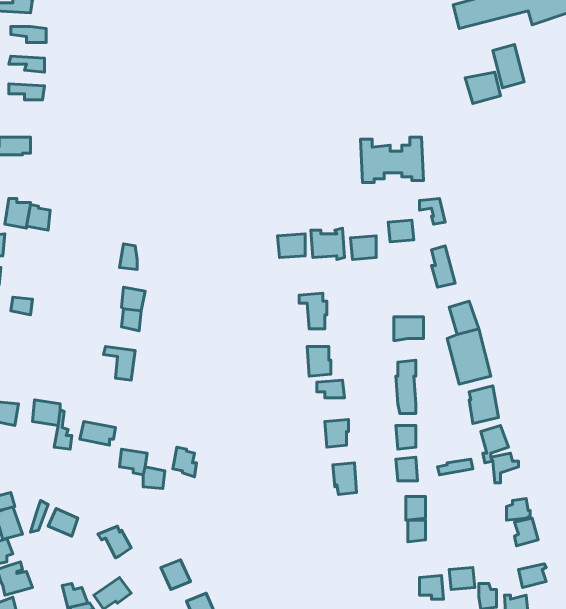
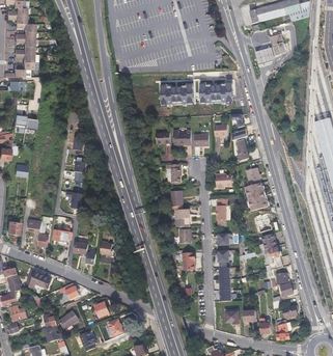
building: none -> [159,82,192,106]

